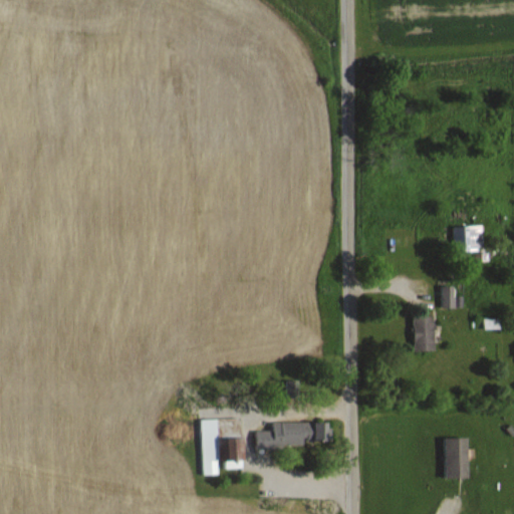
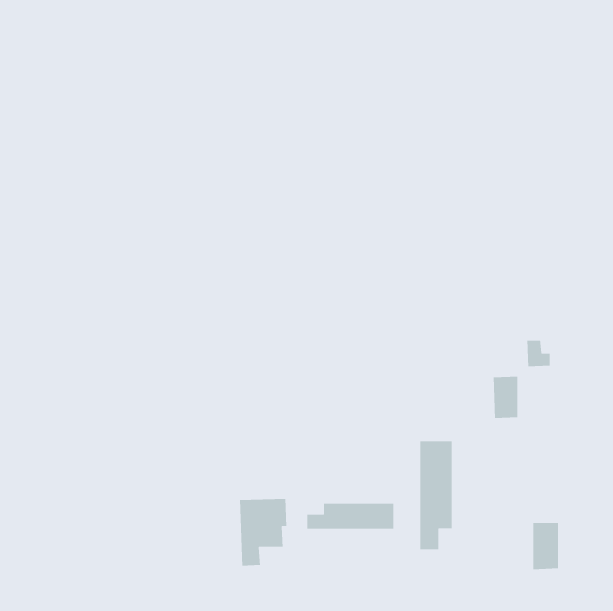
building: [453,226,483,251] -> none
building: none -> [420,440,453,550]

